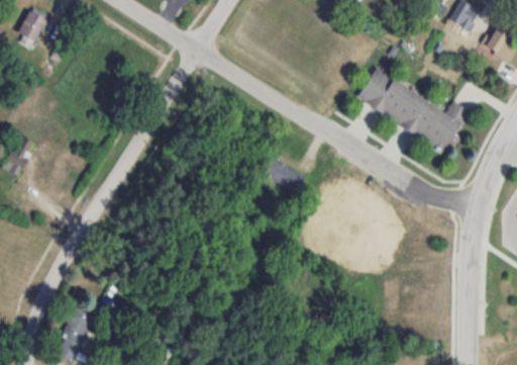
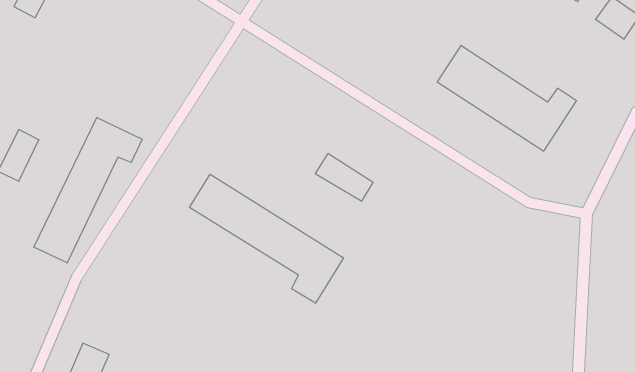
building: none -> [34,117,142,263]
building: none -> [190,174,344,303]

